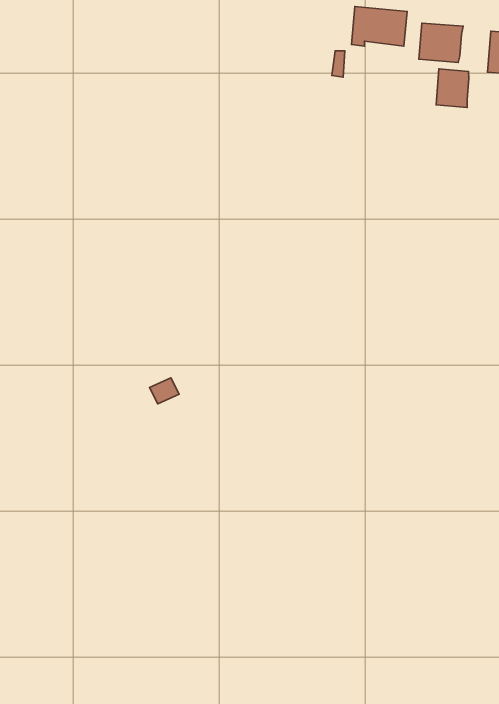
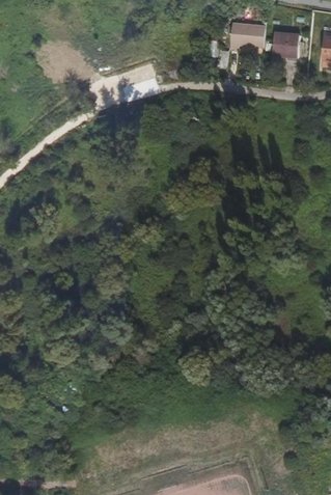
building: [436,69,469,108] -> none

